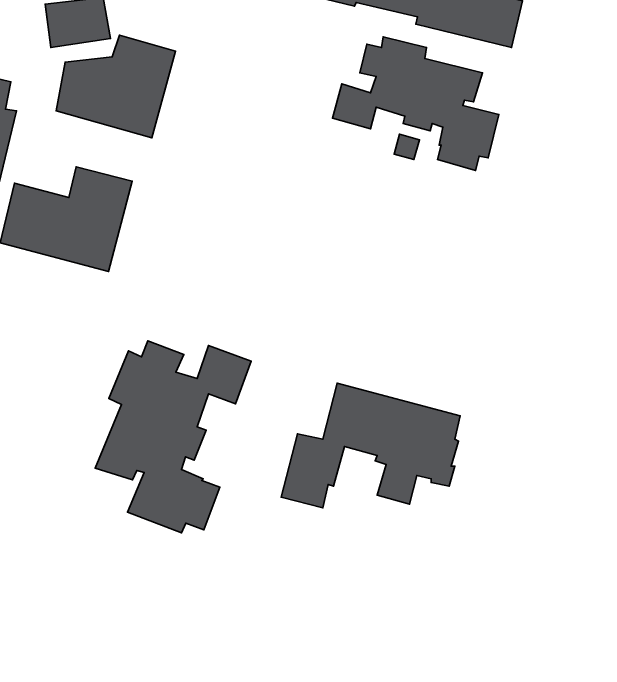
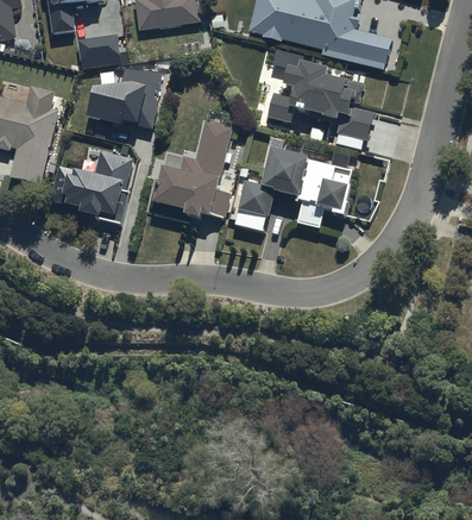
building: none -> [153,121,232,219]
building: [95,341,251,533] -> none
building: [281,383,460,508] -> [234,149,352,231]

